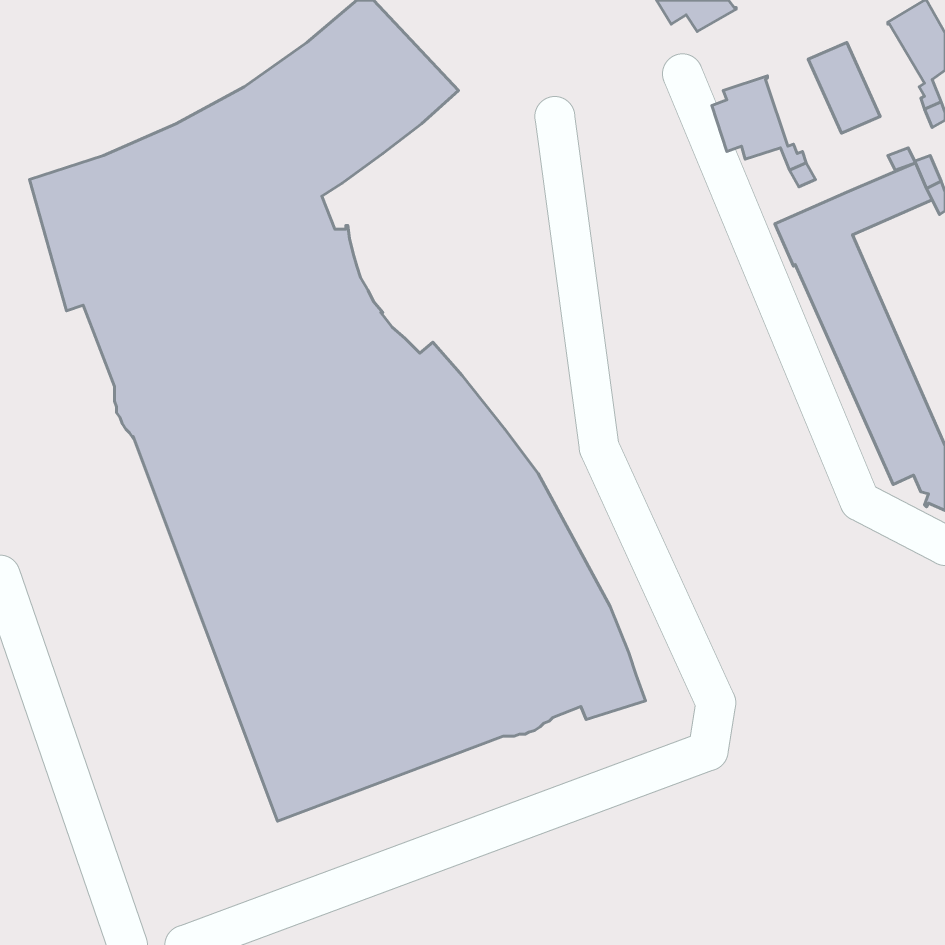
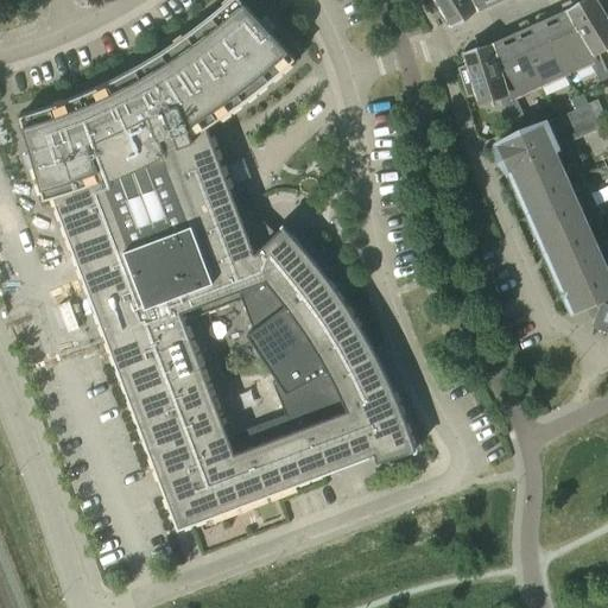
building: none -> [544,15,594,75]
building: none -> [492,38,540,99]

